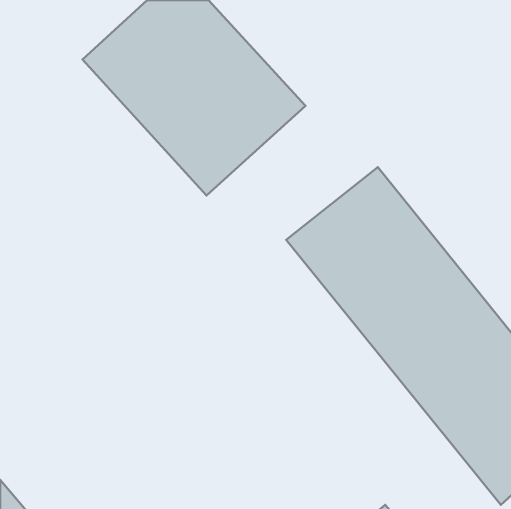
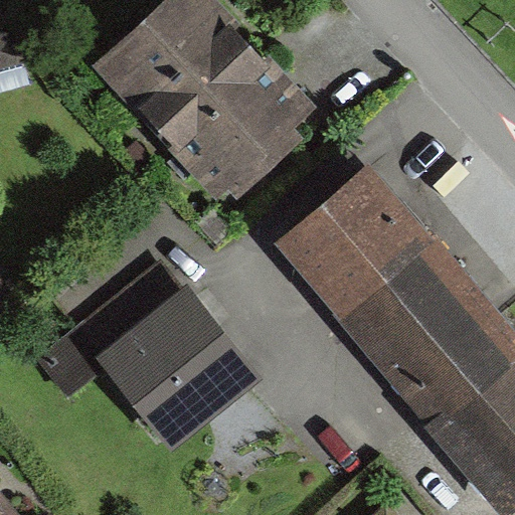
building: none -> [44,266,259,451]

